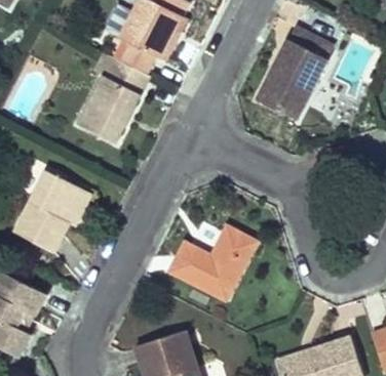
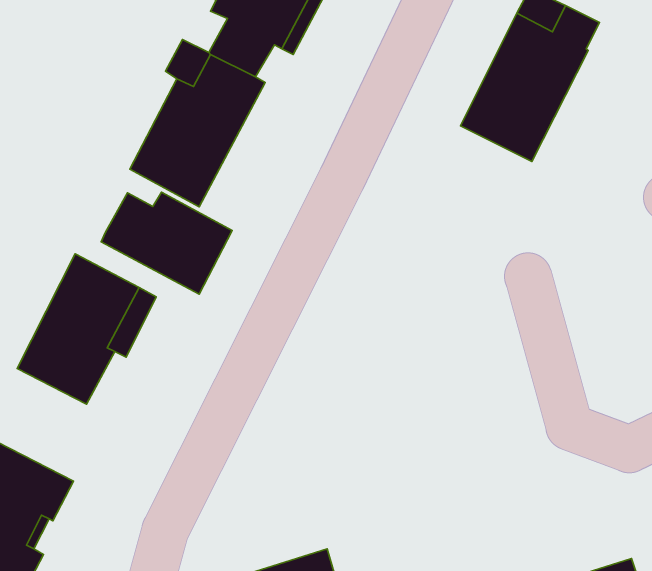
building: none -> [101,192,232,294]
building: [168,224,257,300] -> none

